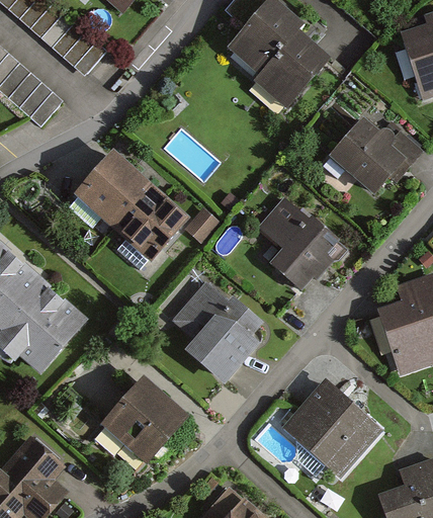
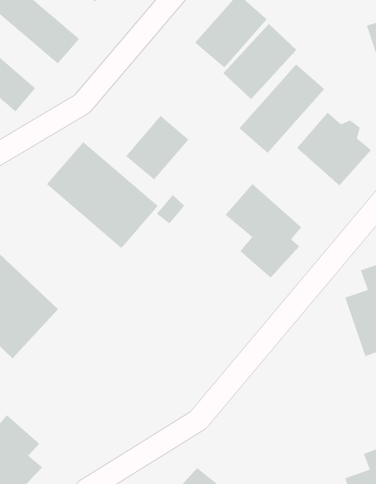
building: none -> [239,64,325,154]
building: none -> [125,115,189,181]
building: [172,282,261,386] -> none
building: [99,378,187,457] -> none
building: [282,380,383,480] -> none

